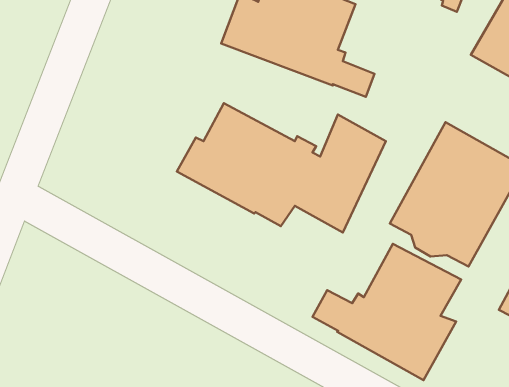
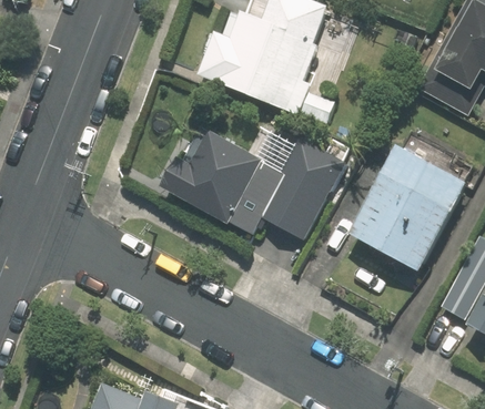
building: [313,244,461,380] -> none

